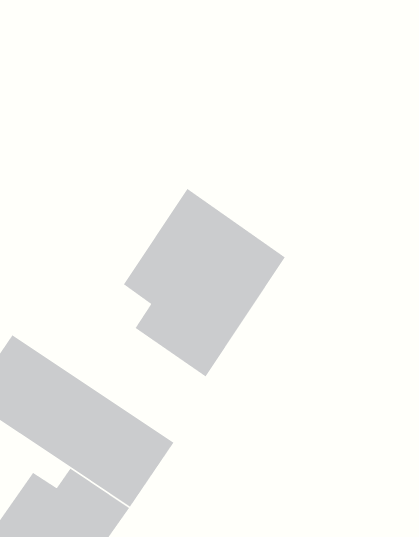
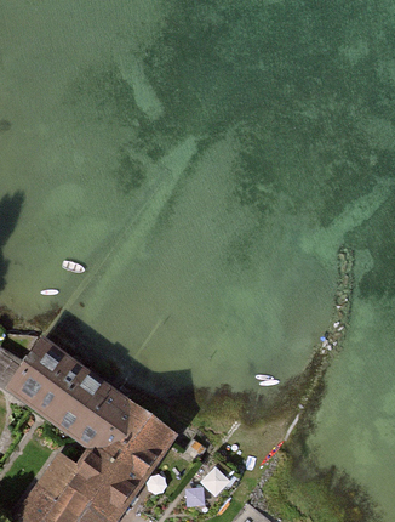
building: [123,188,286,378] -> none

